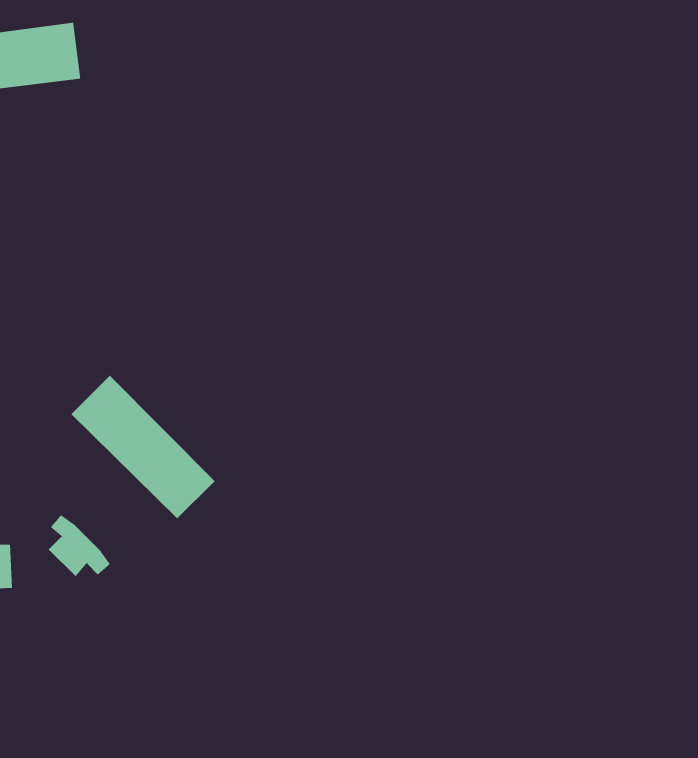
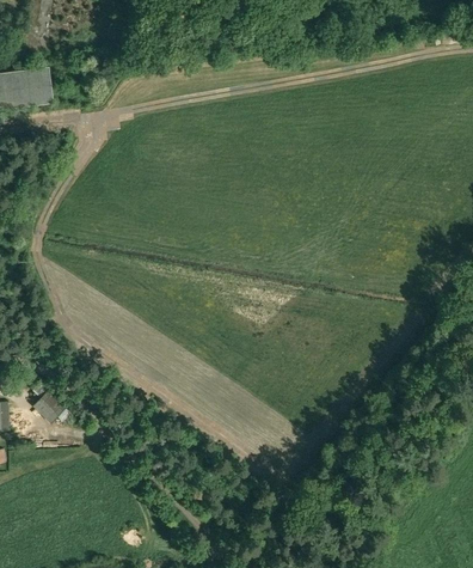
building: [71,375,215,519] -> none

